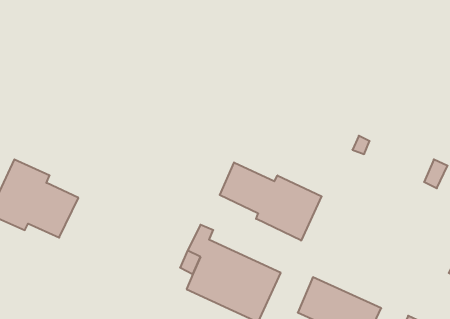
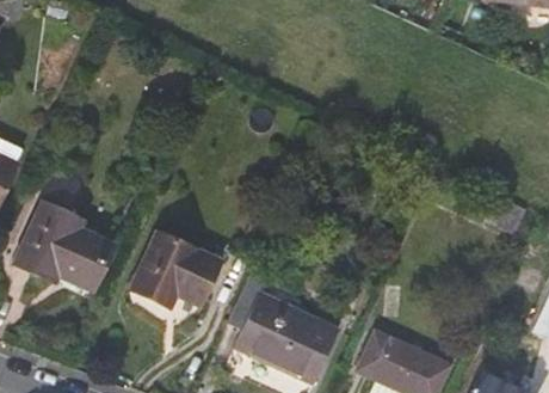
building: [220,162,322,241] -> none
building: none -> [131,231,221,307]

